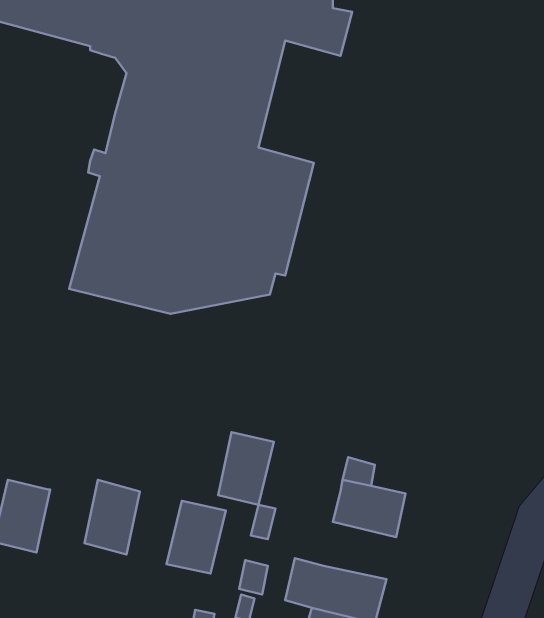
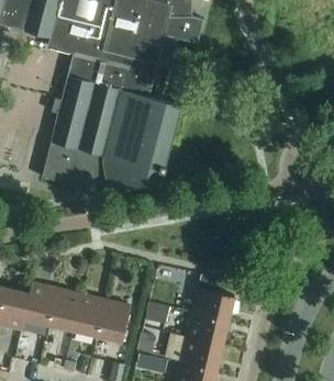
building: [218,432,274,505] -> [74,294,105,336]
building: none -> [24,282,57,324]
building: none -> [187,312,229,345]

